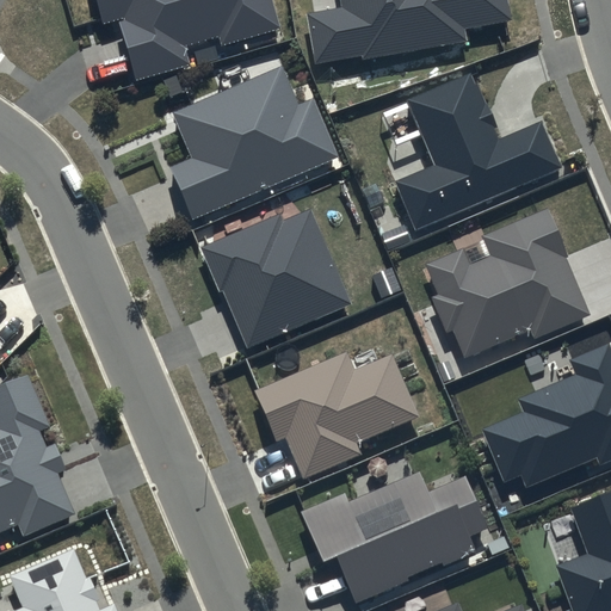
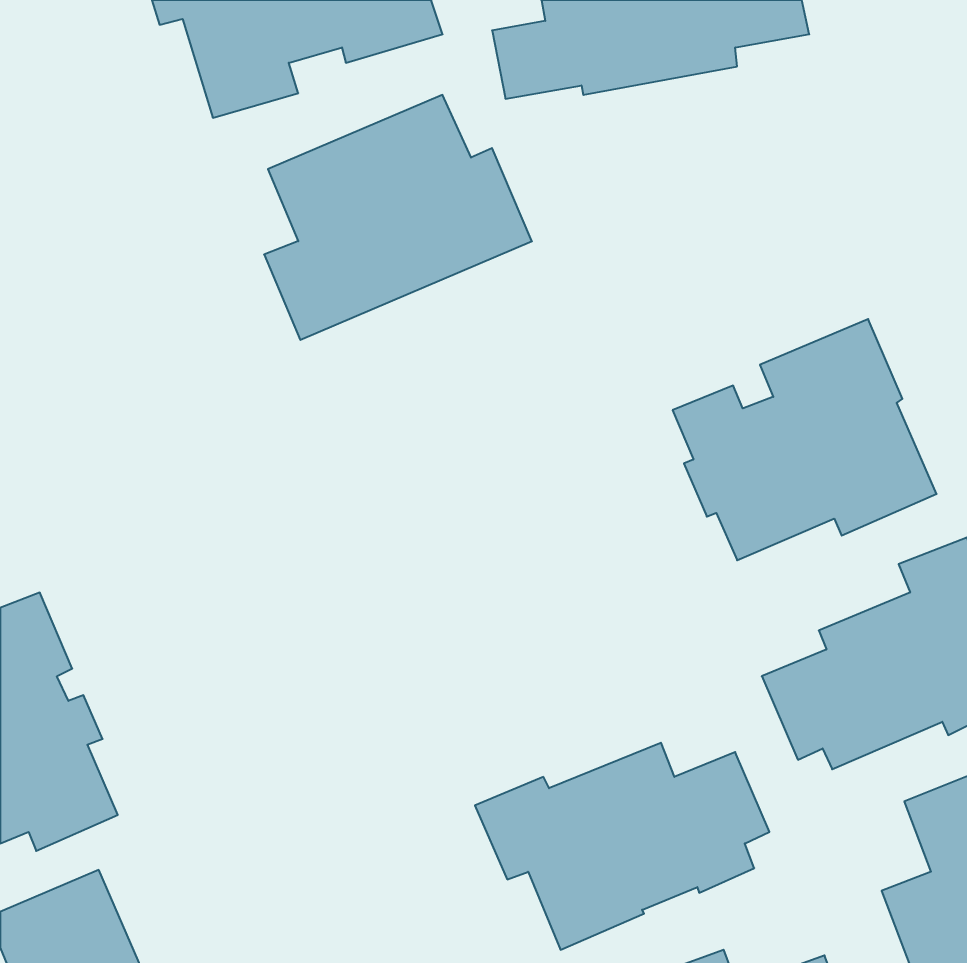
building: [402,82,558,233] -> none
building: [200,210,348,345] -> none
building: [254,351,418,477] -> none

